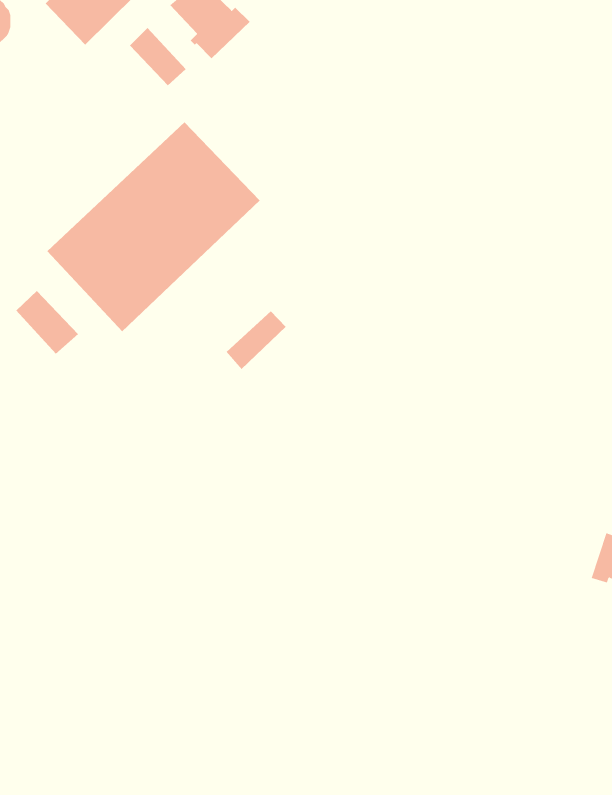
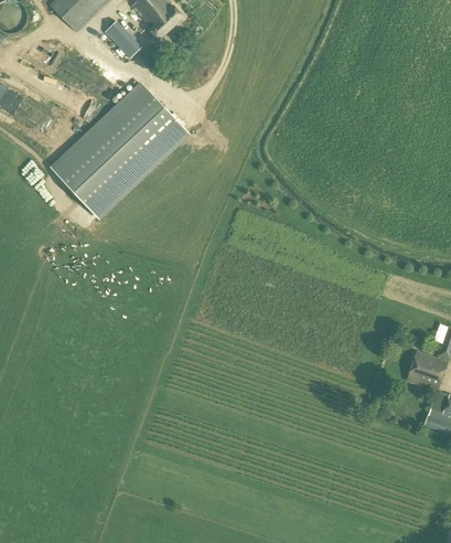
building: [16,290,79,354] -> none
building: [226,311,286,370] -> none

